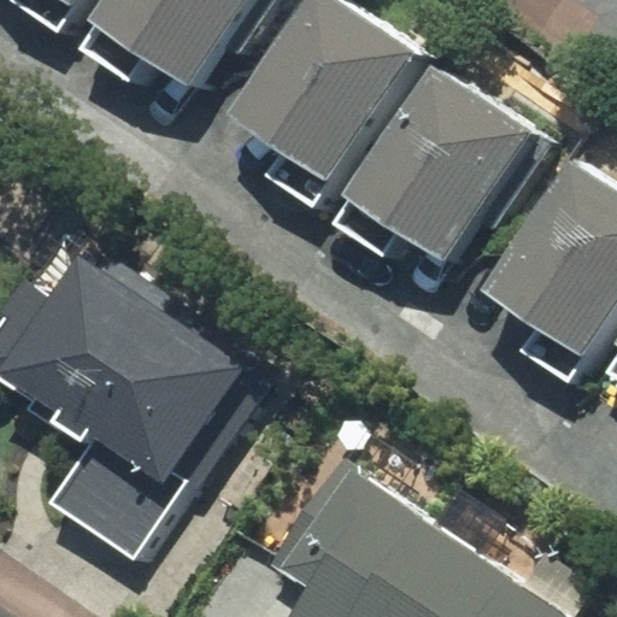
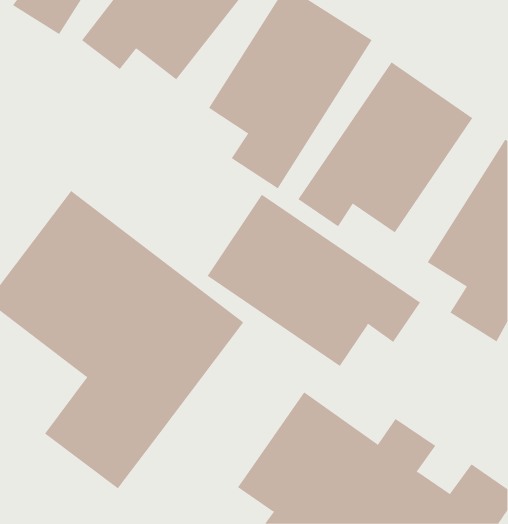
building: none -> [207,194,421,367]

